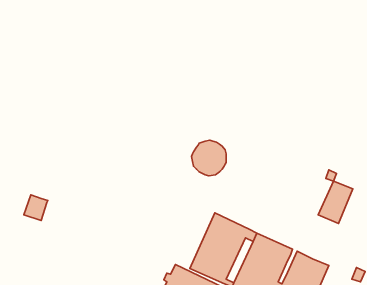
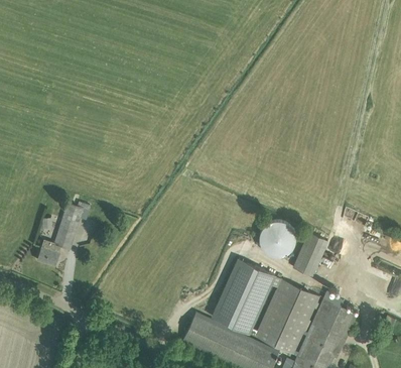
building: [192,140,226,176] -> [258,220,294,257]
building: none -> [54,202,84,250]
building: [318,181,353,223] -> [291,233,327,277]

